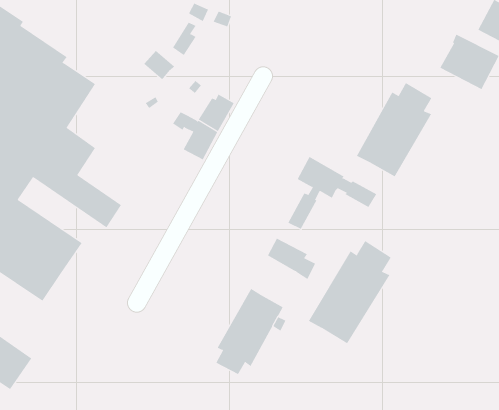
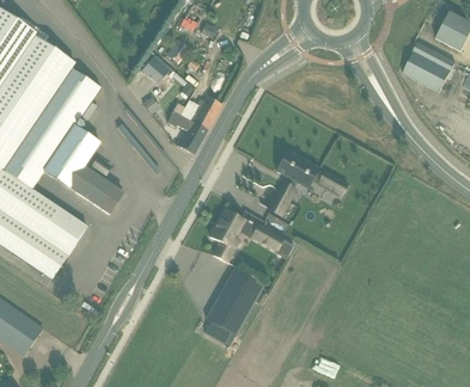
building: [356,82,432,177] -> none
building: none -> [209,208,242,260]
building: [308,240,392,344] -> none

